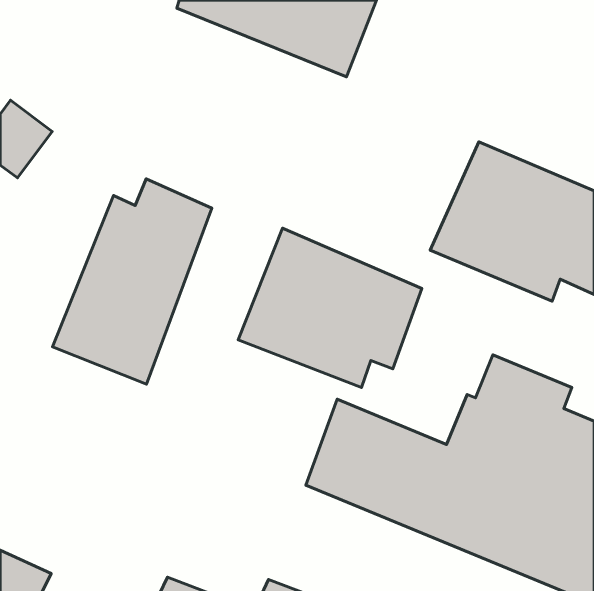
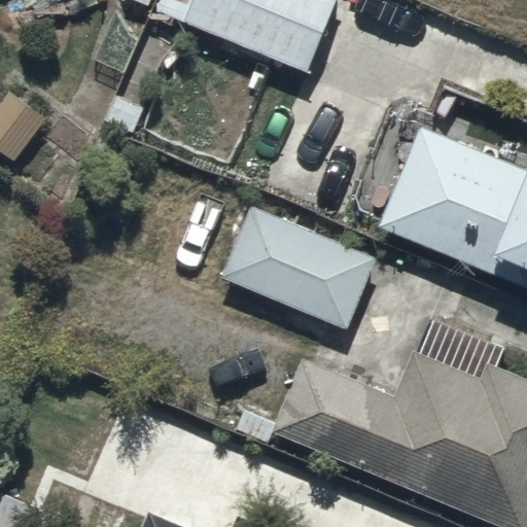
building: [53,179,212,384] -> none

